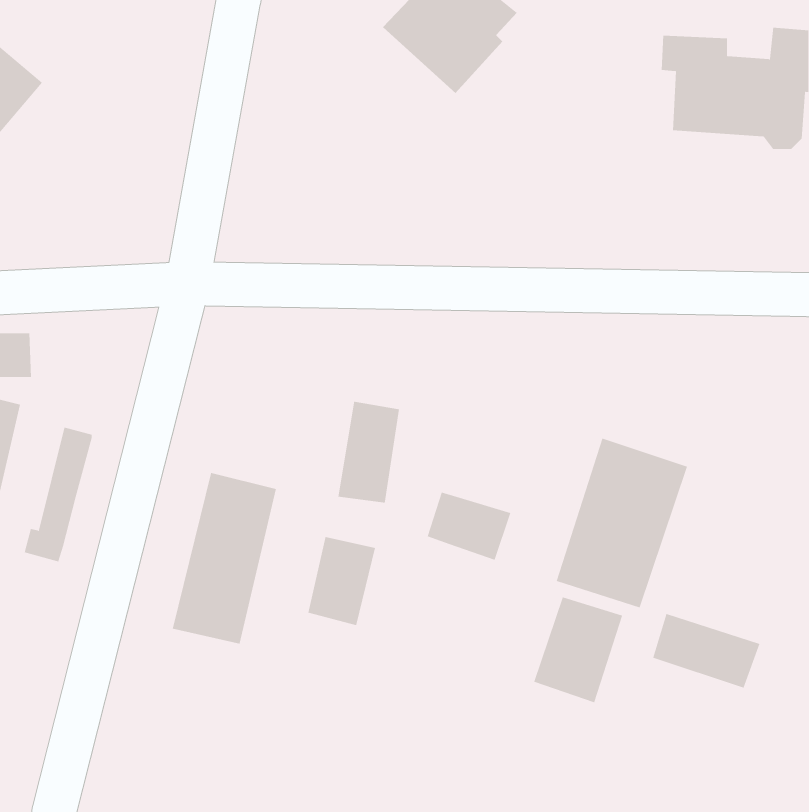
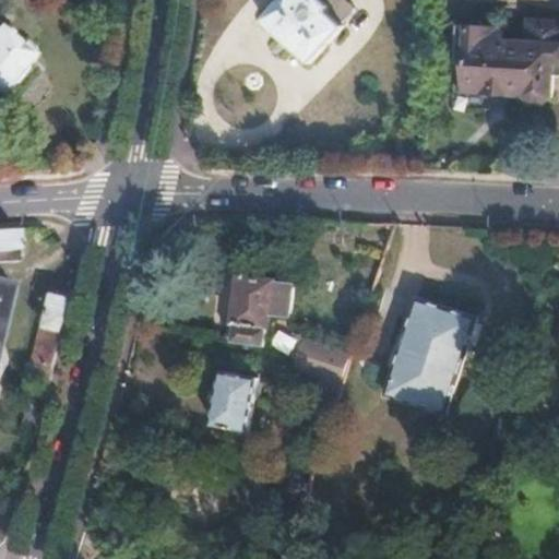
building: [172,472,276,645] -> none
building: [534,597,623,703] -> none
building: [653,613,760,689] -> none

